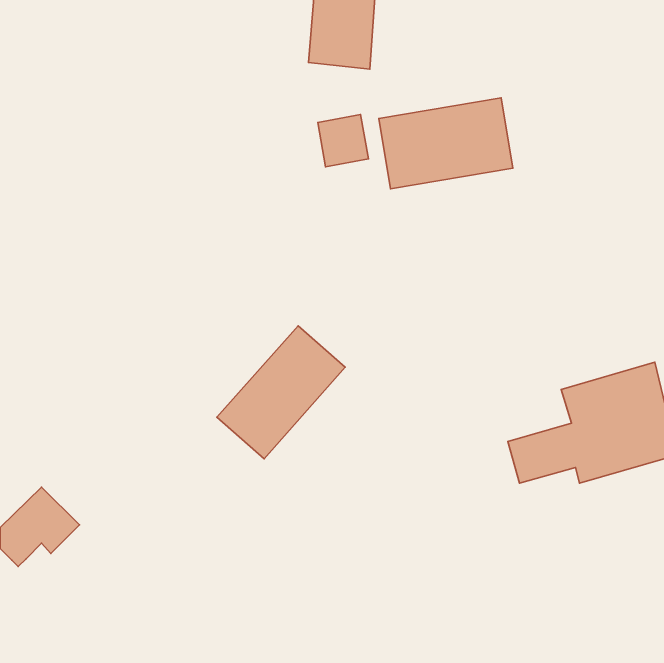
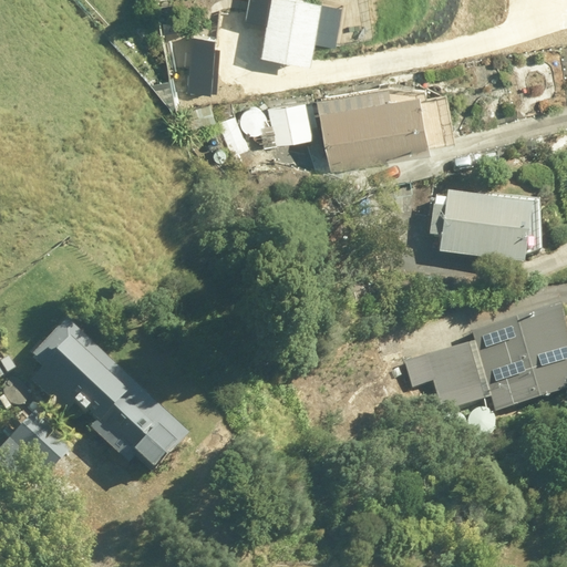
building: none -> [440,196,534,257]
building: [217,326,345,459] -> none
building: none -> [30,323,185,468]

